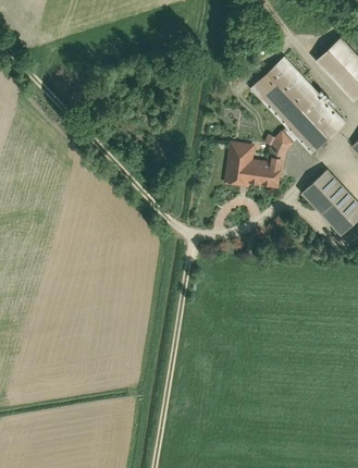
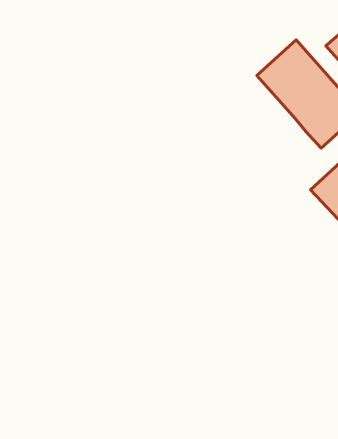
building: [224,127,295,188] -> none

